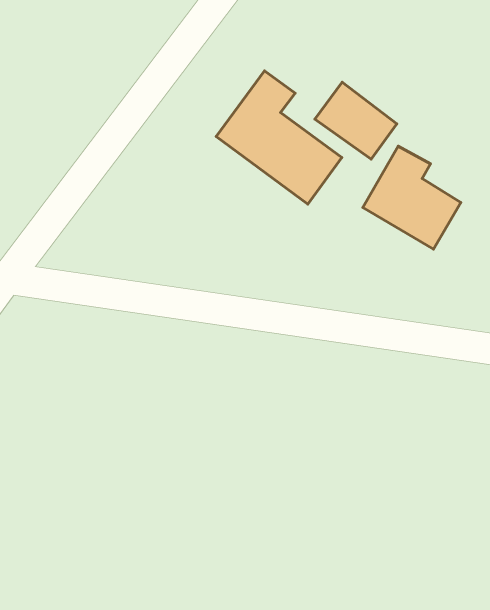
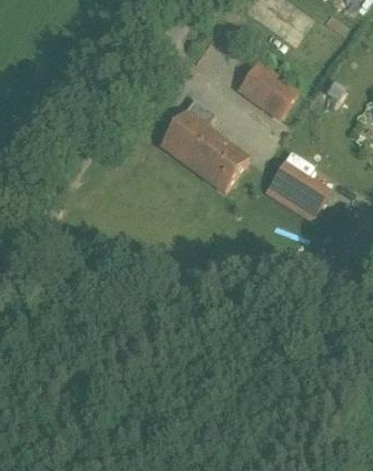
building: [315,82,397,159] -> [239,62,295,115]

